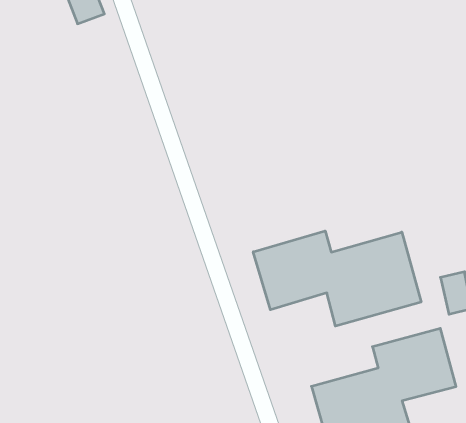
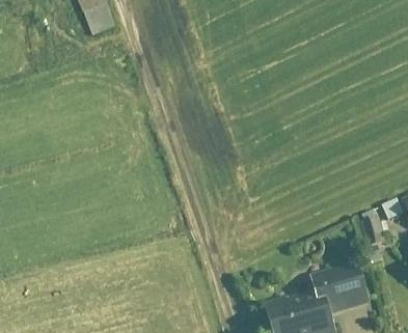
building: [253,231,421,326] -> none

